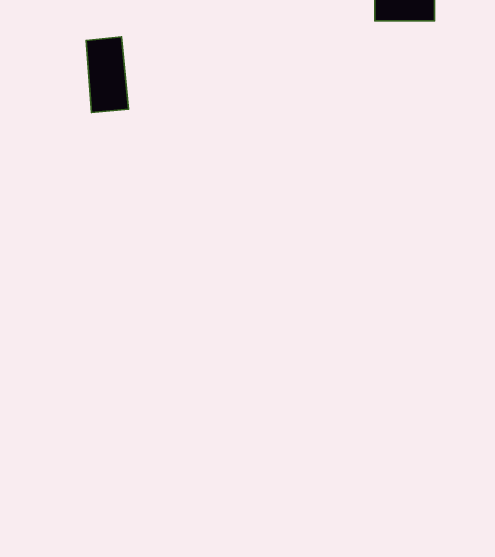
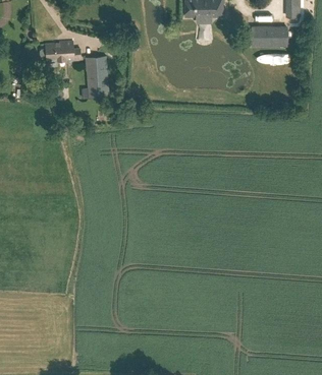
building: none -> [39,42,79,65]

